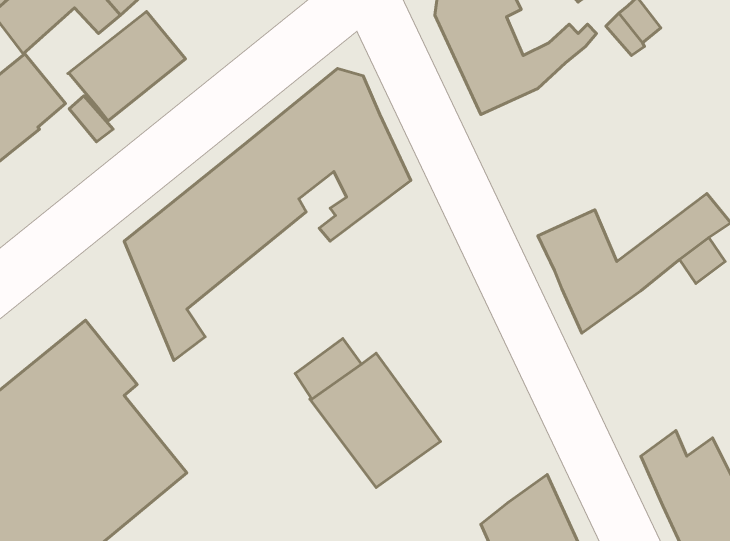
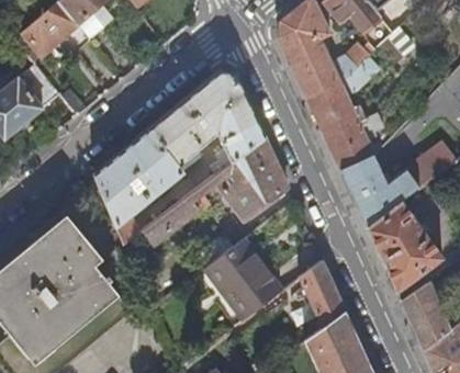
building: [68,12,185,121] -> none
building: none -> [306,57,383,170]
building: none -> [144,137,288,242]
building: none -> [367,203,442,292]
building: none -> [300,263,346,329]

